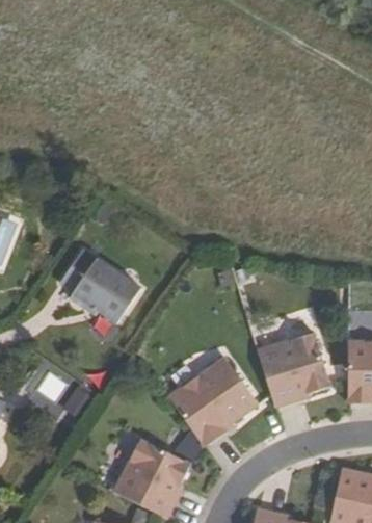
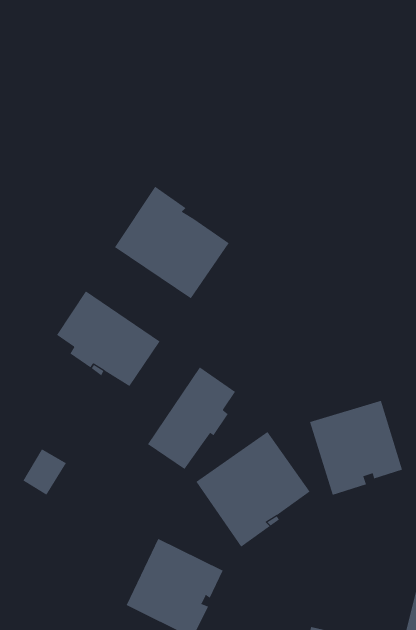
building: none -> [114,186,229,299]
building: none -> [147,367,236,470]

